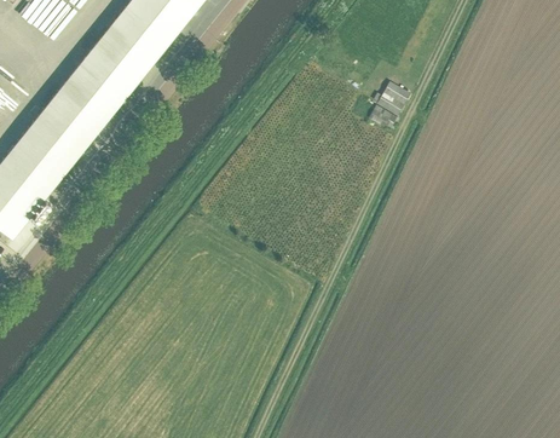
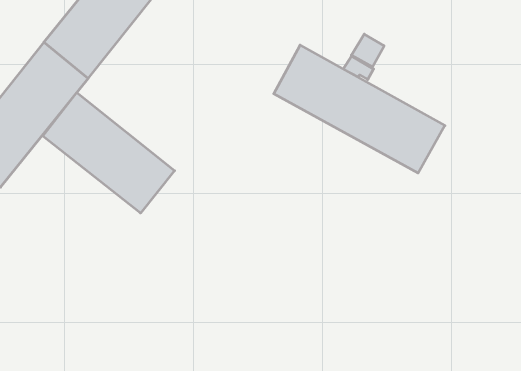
building: none -> [274,45,445,173]
building: none -> [43,93,175,213]

